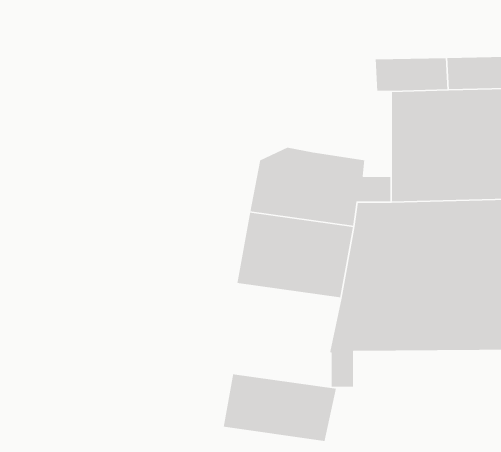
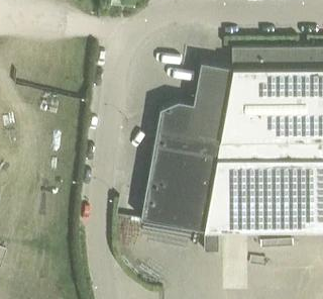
building: none -> [196,66,244,124]
building: [223,374,337,442] -> [142,191,213,233]

